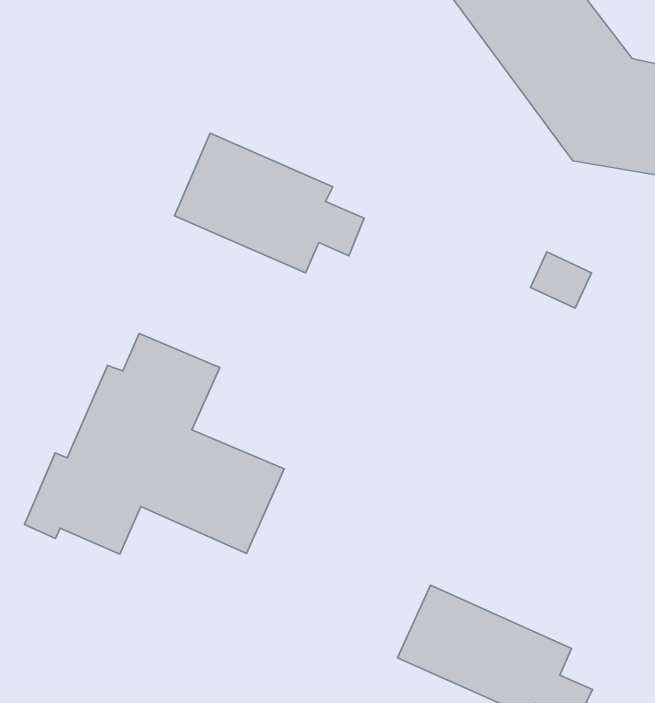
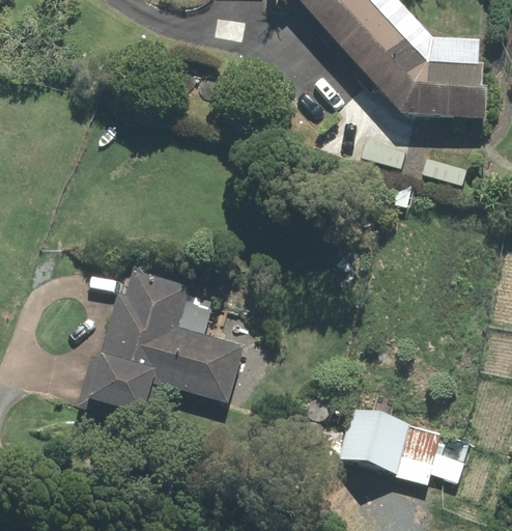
building: [174,133,364,273] -> none

